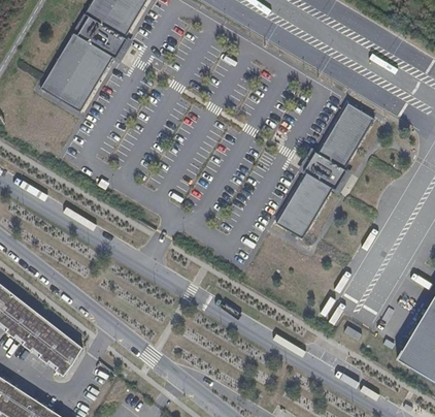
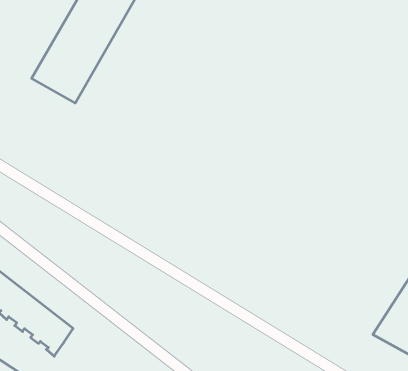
building: [273,102,378,242] -> none

